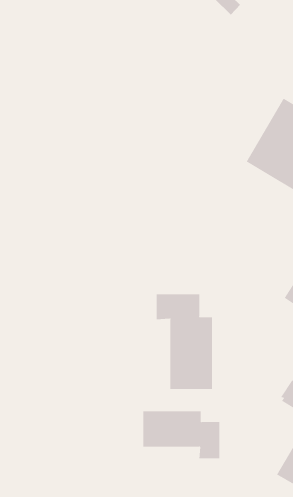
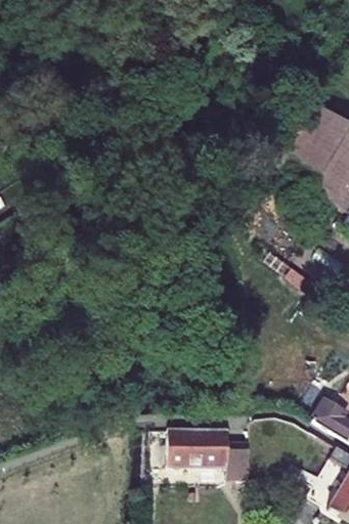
building: [156,294,212,390] -> none

